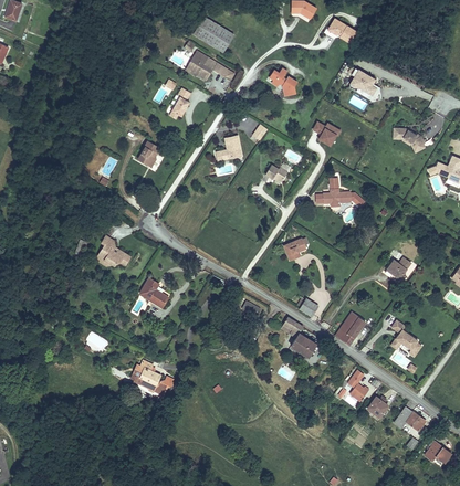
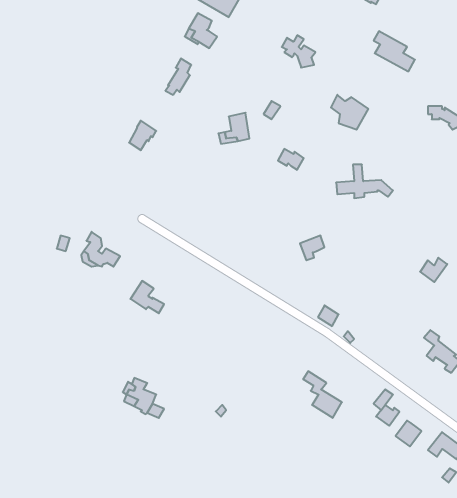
building: [335,311,365,345] -> none
building: [283,317,316,357] -> [303,371,342,418]

